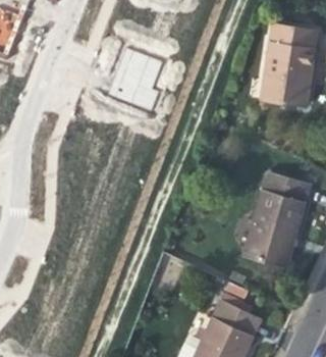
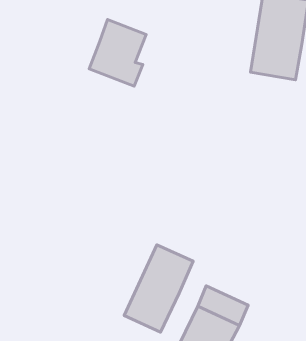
building: [242,172,309,265] -> none
building: none -> [124,245,193,332]

